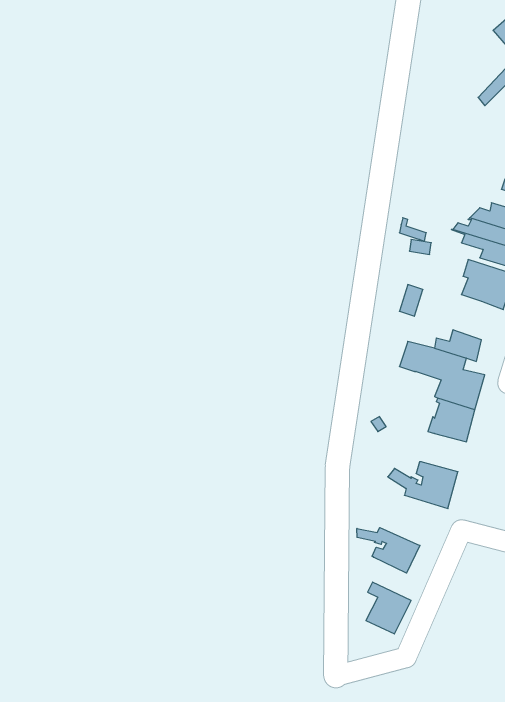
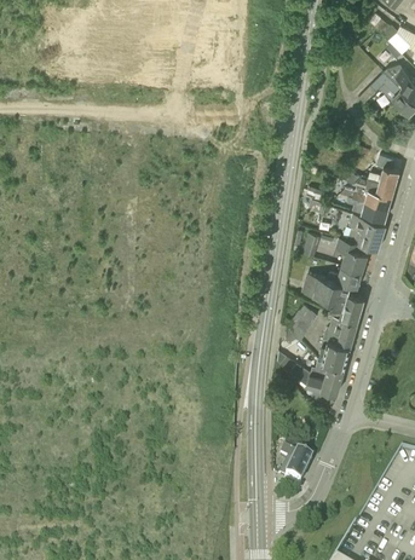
building: none -> [334,239,367,275]
building: none -> [317,342,350,370]
building: [357,528,420,573] -> none

